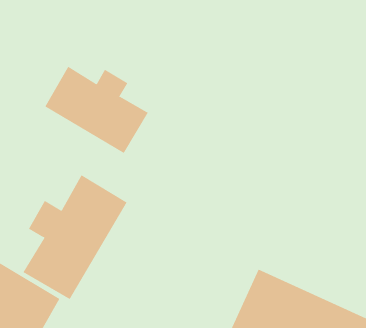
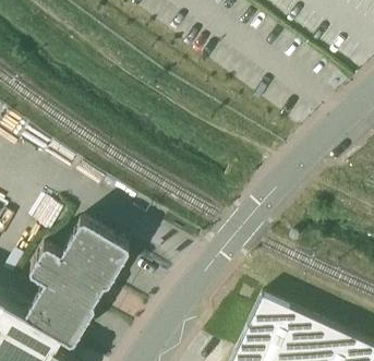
building: [44,66,149,154] -> none

